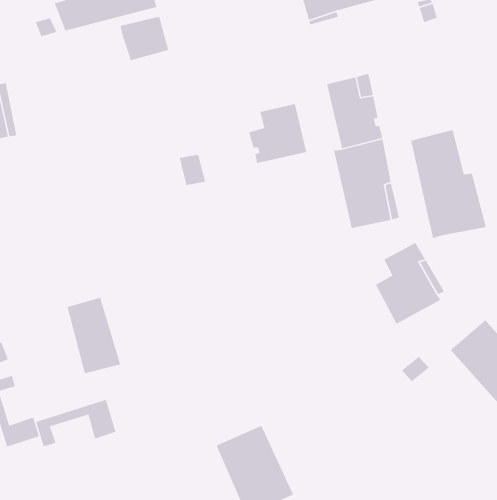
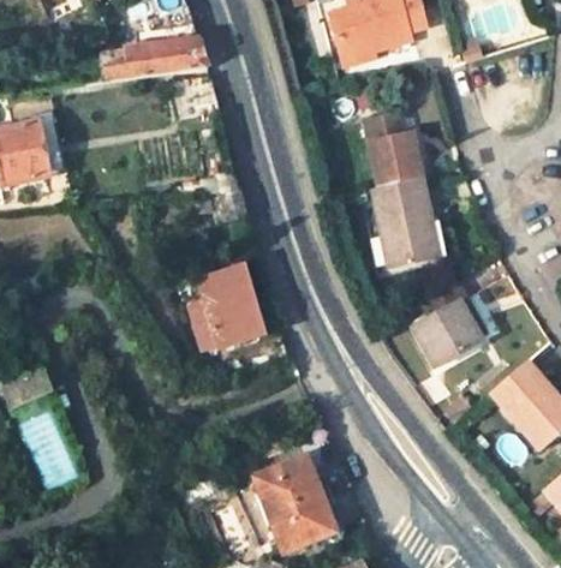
building: [248,103,307,164] -> none
building: [410,129,487,239] -> none
building: [66,297,121,374] -> [199,271,255,349]
building: [35,399,117,447] -> none

